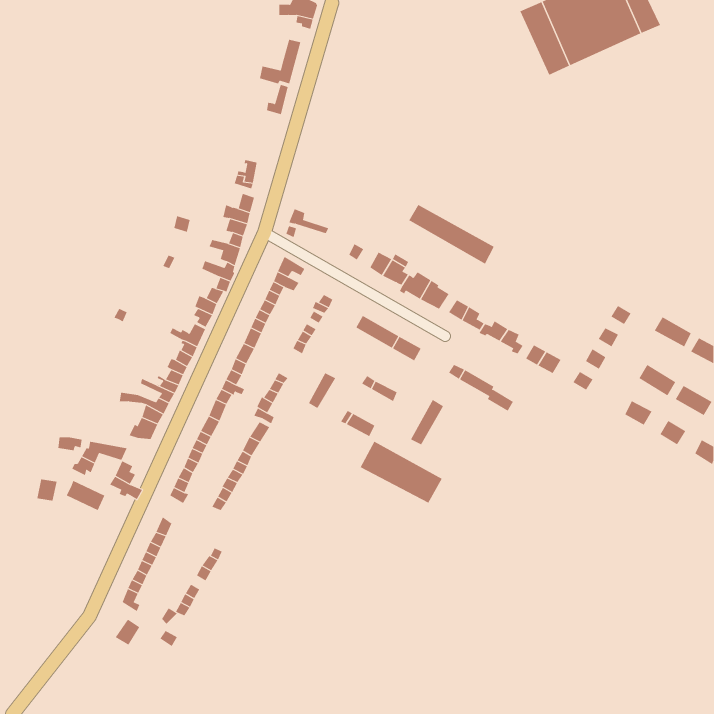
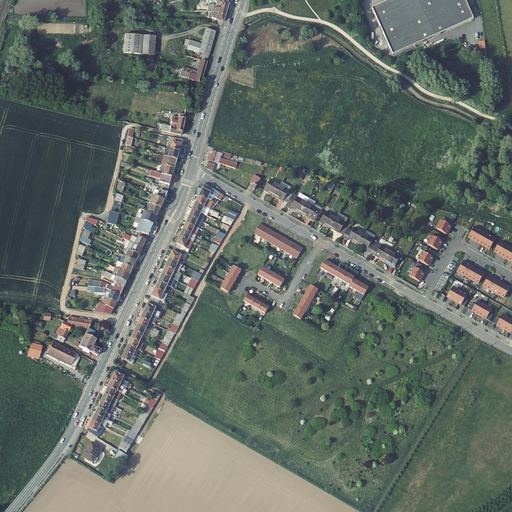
building: none -> [122,32,155,55]
building: [408,204,495,264] -> none
building: [360,441,442,503] -> none

